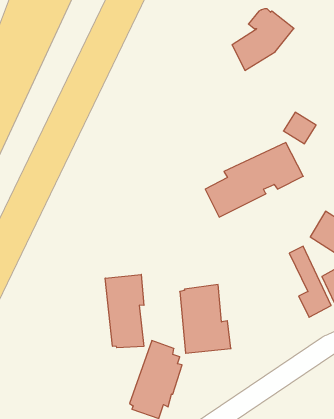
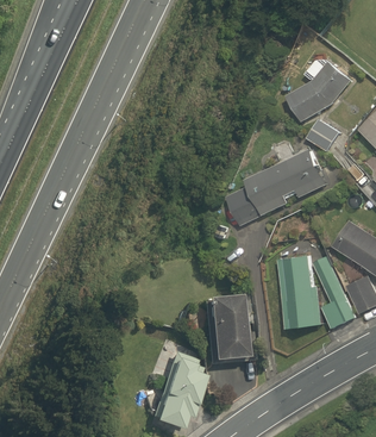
building: [232,9,294,70] -> [288,60,351,123]
building: none -> [277,256,322,329]
building: [105,274,144,348] -> none

